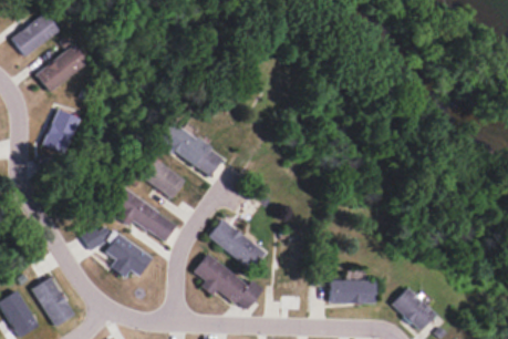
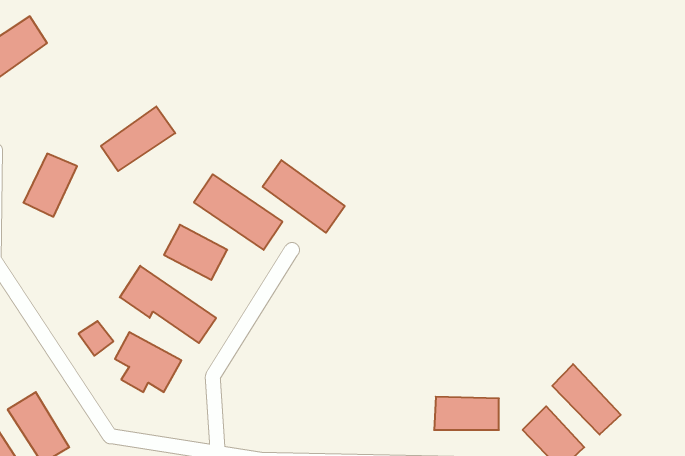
building: [37,45,89,91] -> [101,106,175,171]
building: [208,219,266,270] -> [263,160,345,233]
building: [194,254,263,311] -> none
building: none -> [552,364,621,435]

